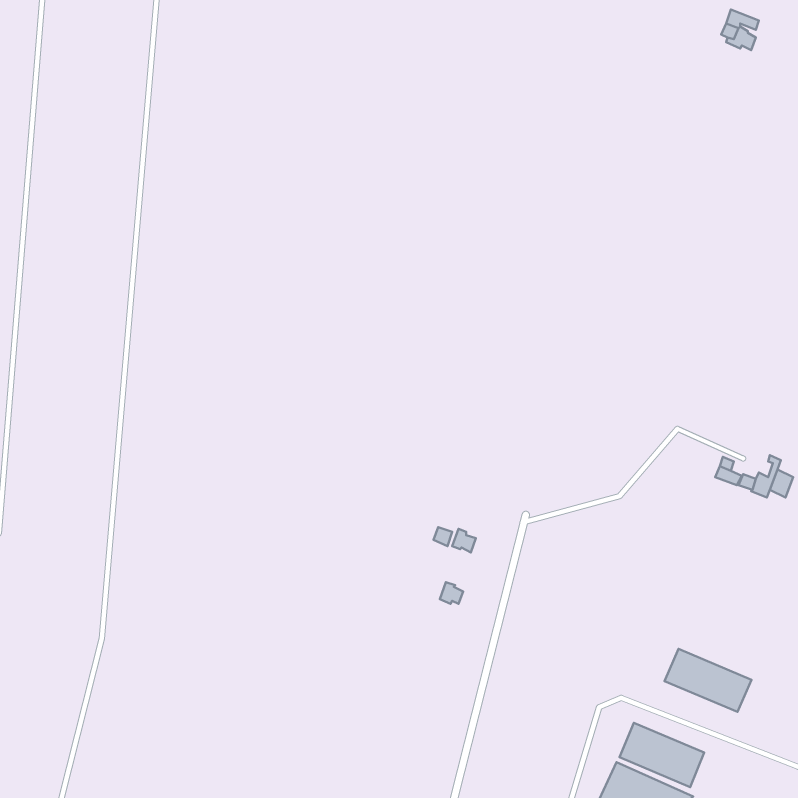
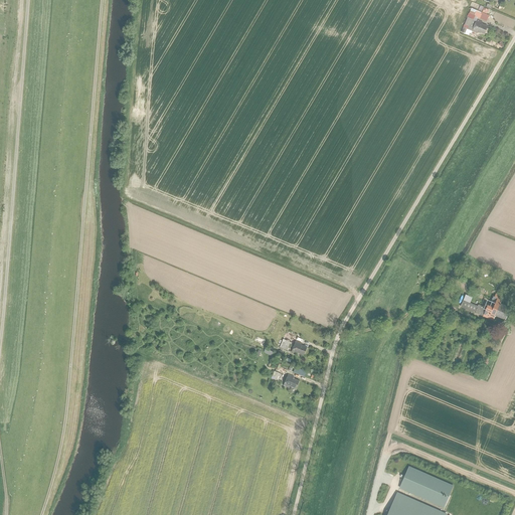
building: [664,649,751,712] -> none

